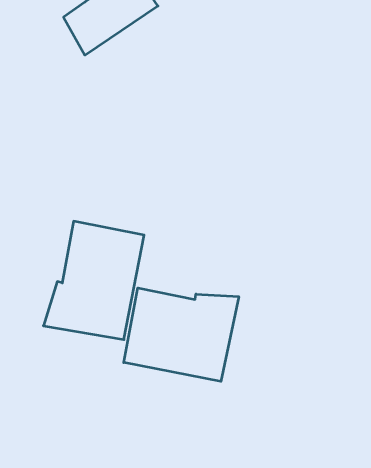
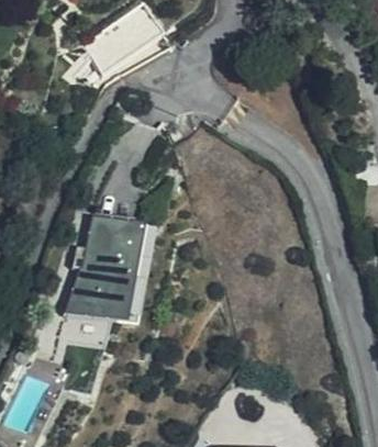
building: [124,288,239,381] -> none

